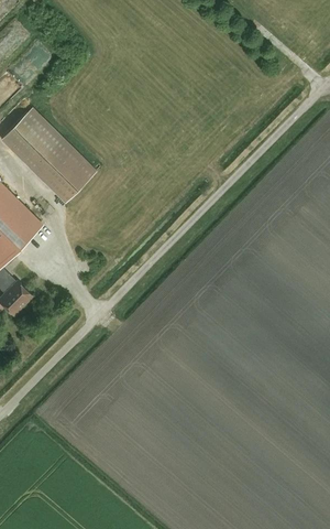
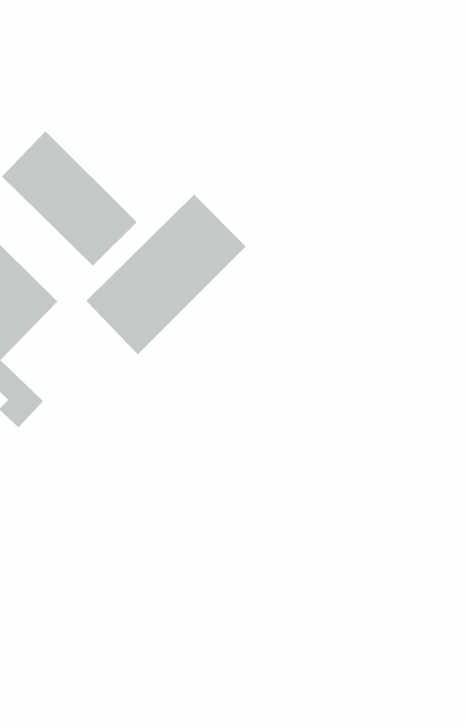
building: none -> [85,194,247,355]

